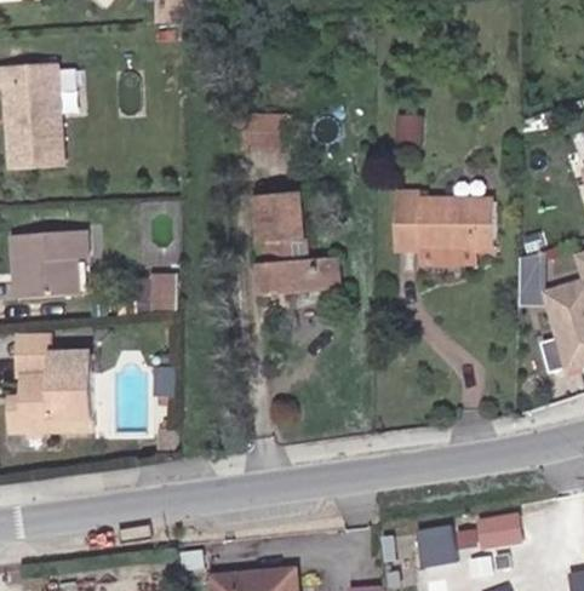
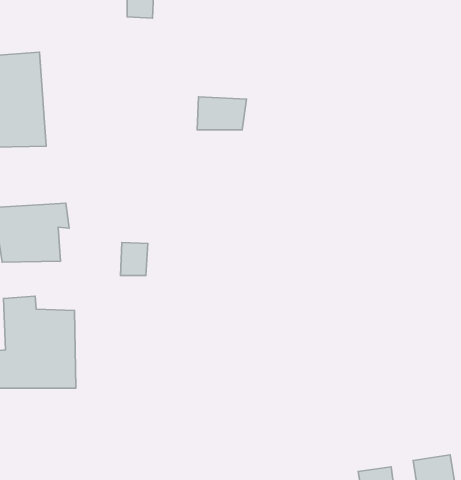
building: [394,189,493,266] -> none
building: [254,195,344,298] -> none

